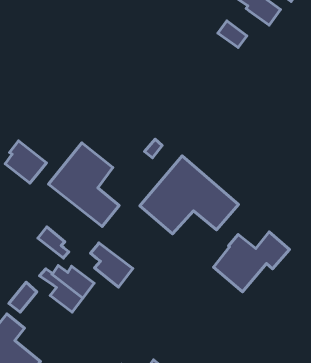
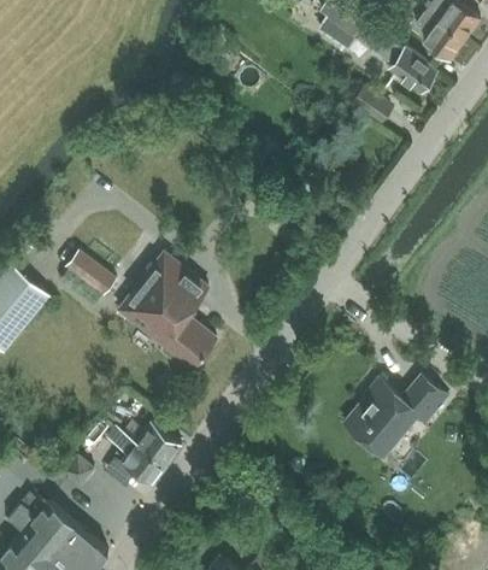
building: [140,156,238,234] -> none
building: [38,227,69,258] -> none
building: [90,243,133,287] -> none

